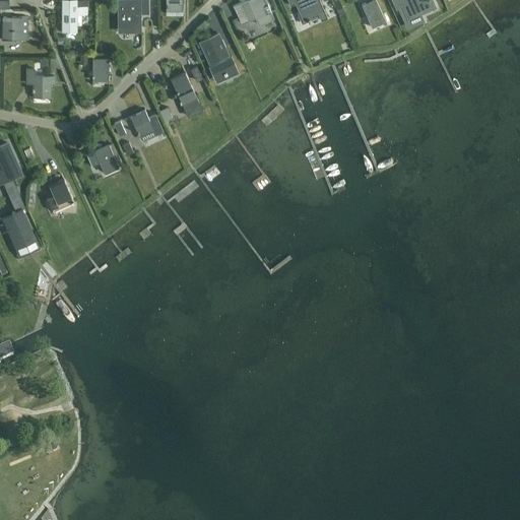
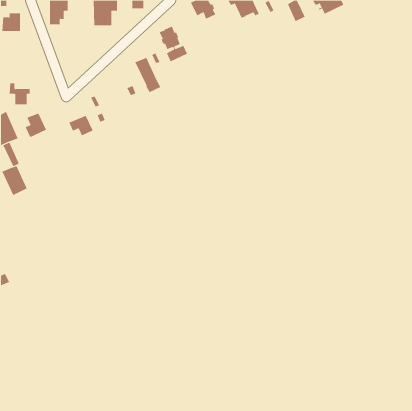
building: [92,59,109,81] -> none
building: [26,70,54,98] -> [9,83,31,105]
building: [130,111,162,137] -> none
building: [47,181,74,212] -> [25,113,47,138]

